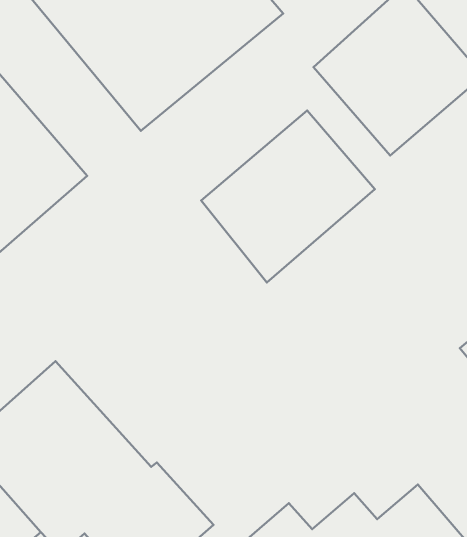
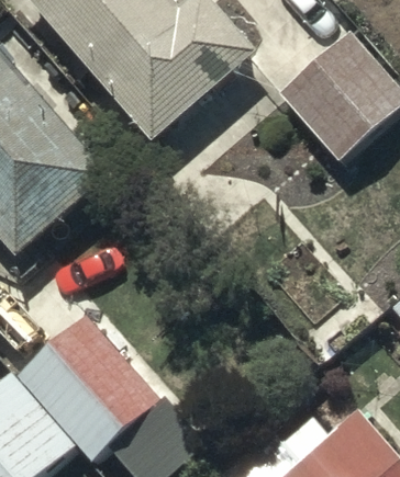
building: [201,110,375,282] -> none

